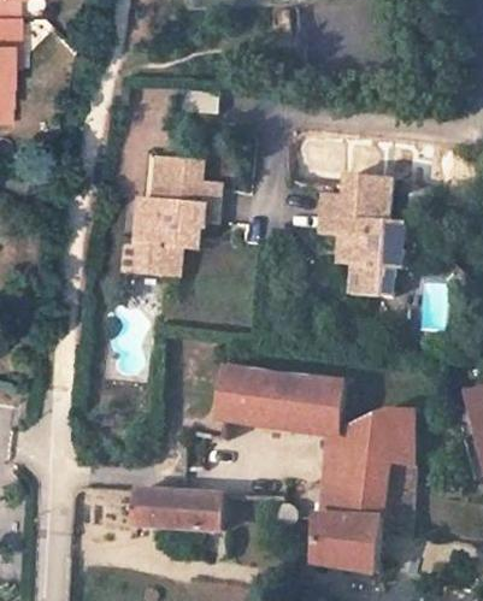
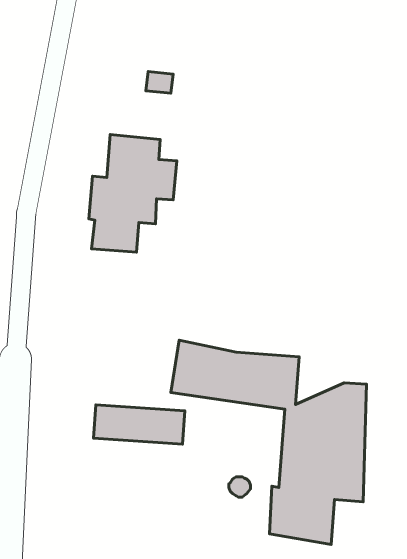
building: [317,175,404,296] -> none
building: [132,489,225,529] -> [93,405,185,444]

